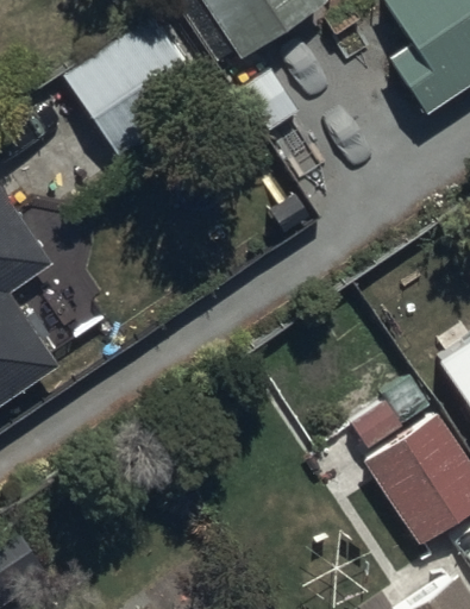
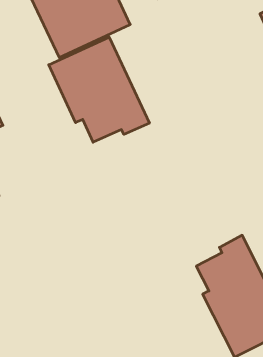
building: none -> [49,37,149,142]

